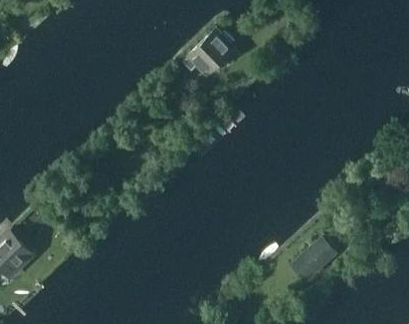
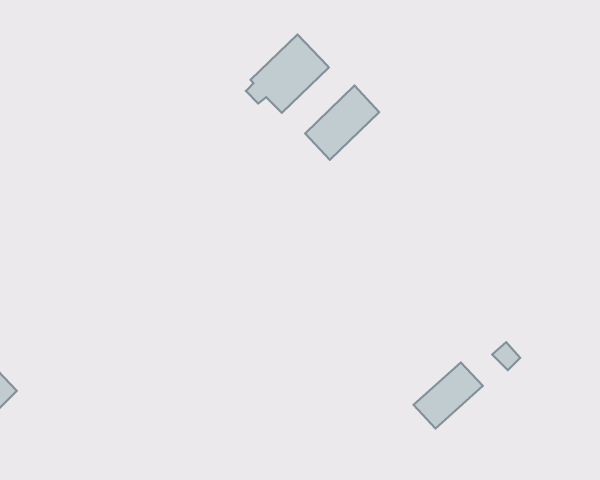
building: none -> [305,86,379,160]

